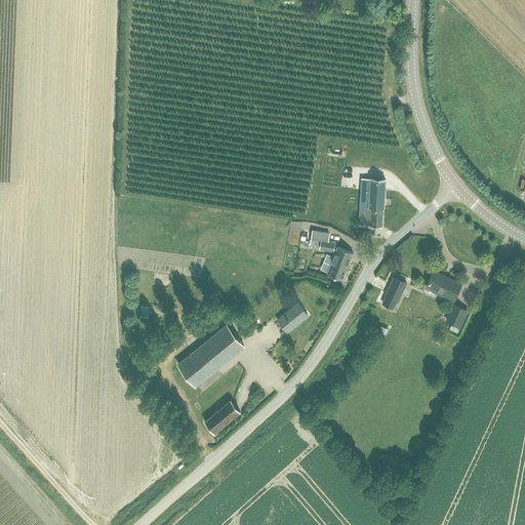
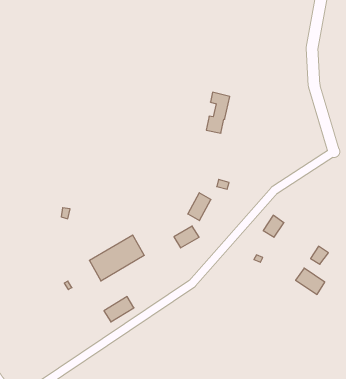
building: [362,178,385,227] -> [206,92,230,133]
building: [326,247,352,281] -> [188,193,211,221]
building: [425,272,460,301] -> [296,268,325,294]

